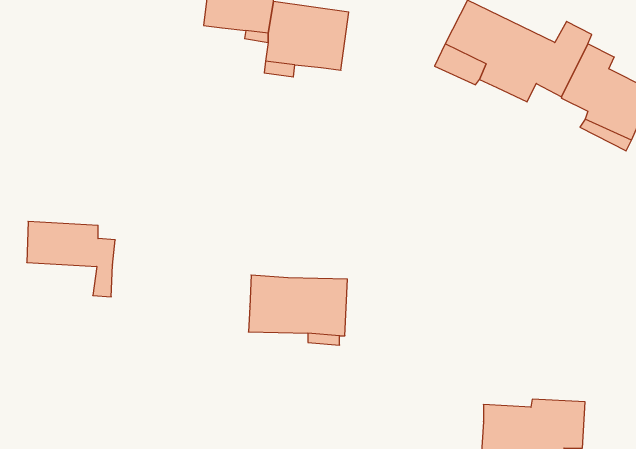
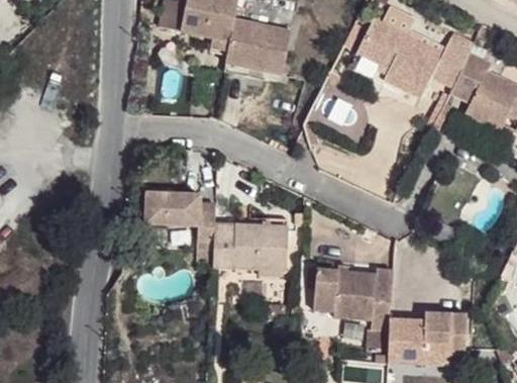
building: [27,221,115,297] -> [147,188,215,246]
building: none -> [314,273,393,333]

